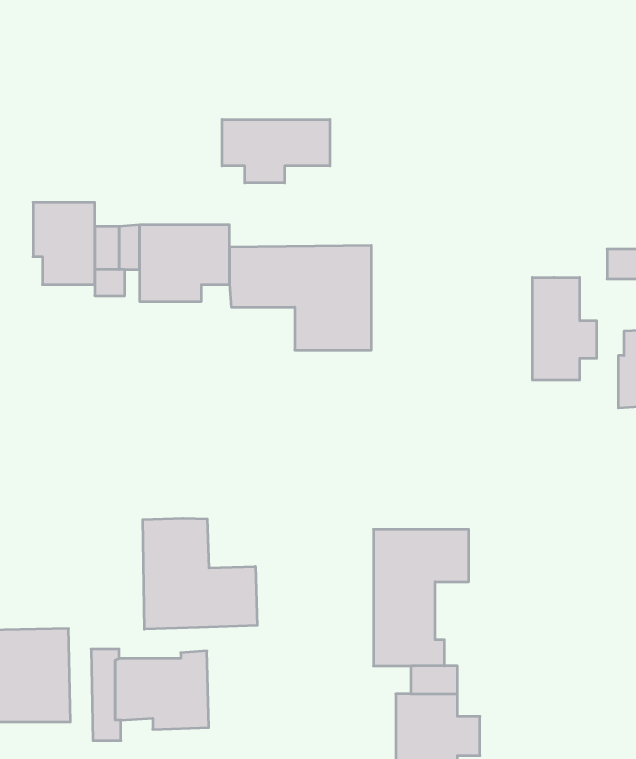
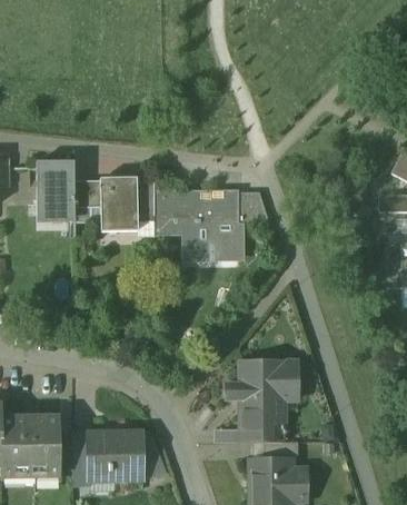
building: [222,119,330,183] -> none
building: none -> [239,192,270,222]
building: [532,277,597,380] -> none
building: [143,518,257,629] -> none

